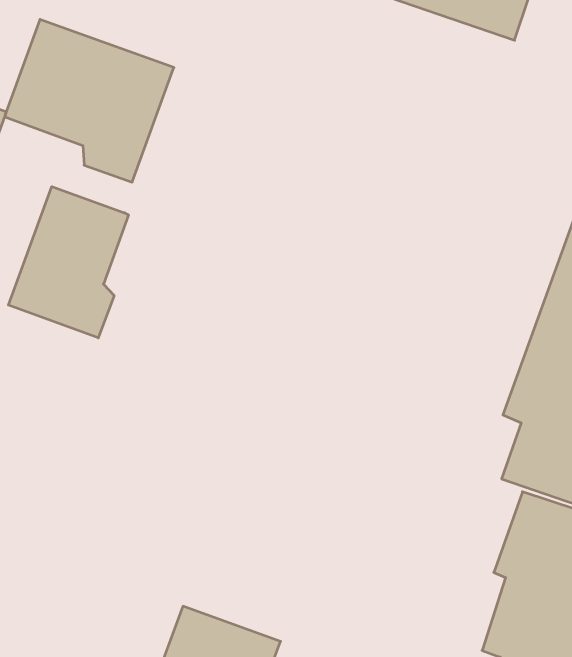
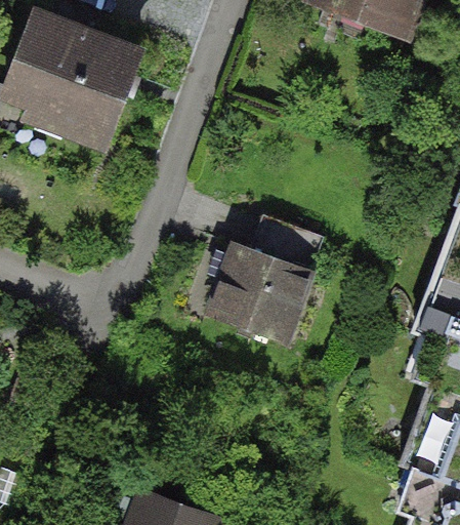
building: [8,187,128,338] -> none
building: none -> [210,219,323,344]

